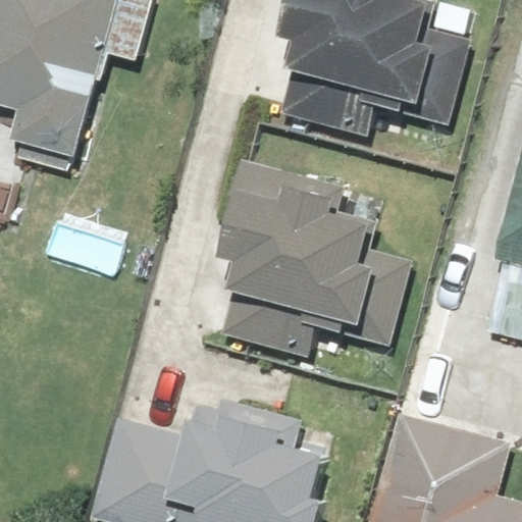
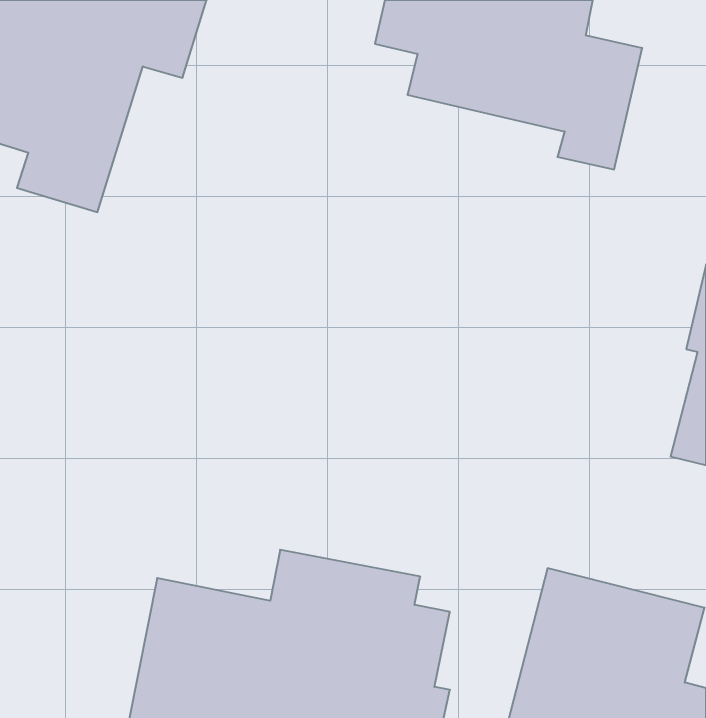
building: [222,162,408,350] -> none

